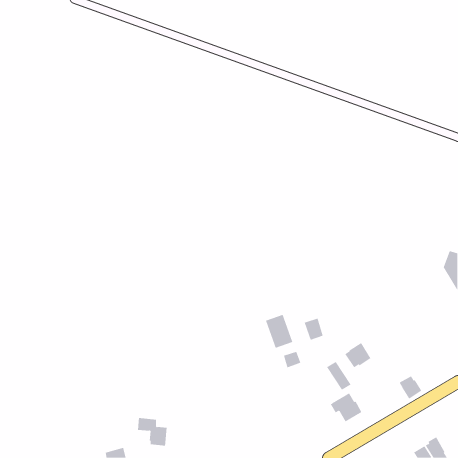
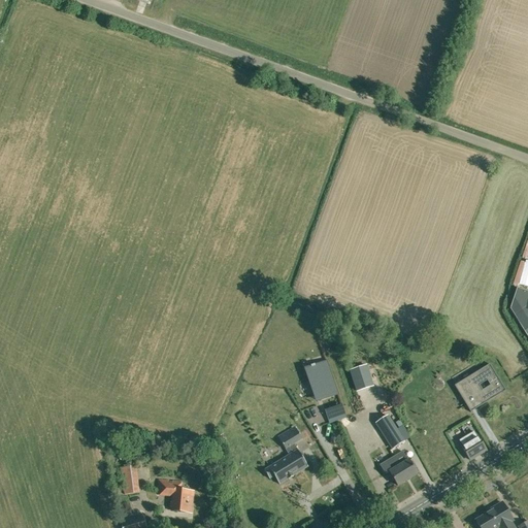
building: none -> [464,363,505,404]
building: [344,342,371,368] -> none
building: none -> [264,426,307,484]
building: none -> [121,465,139,494]

